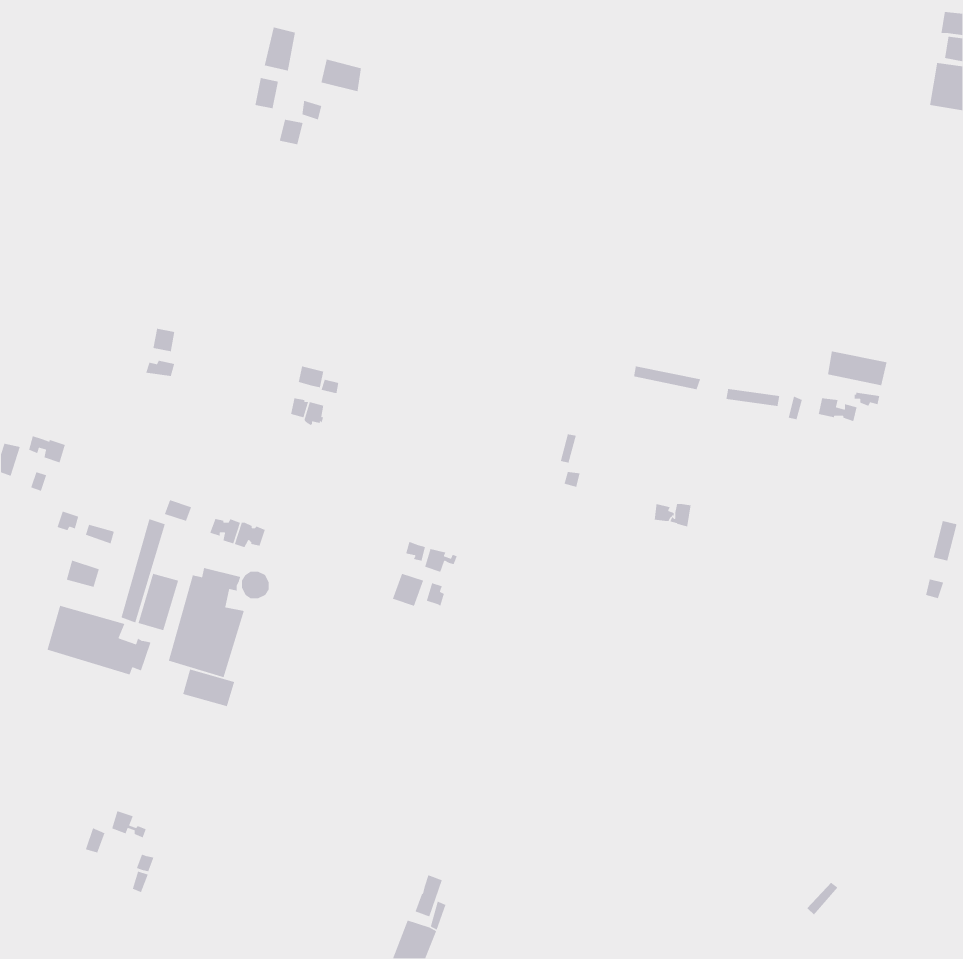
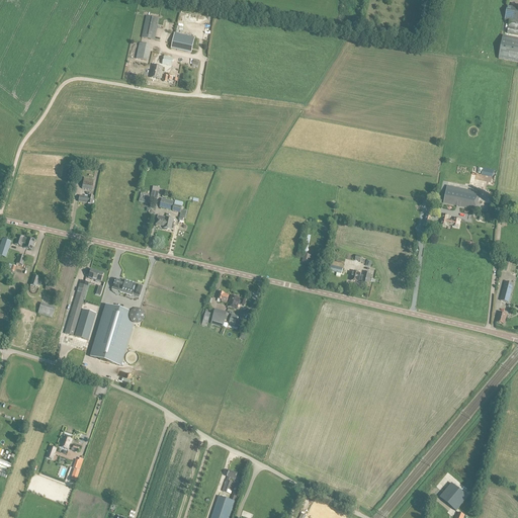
building: [47,605,152,675] -> none
building: [182,668,235,707] -> none
building: none -> [440,482,468,509]

